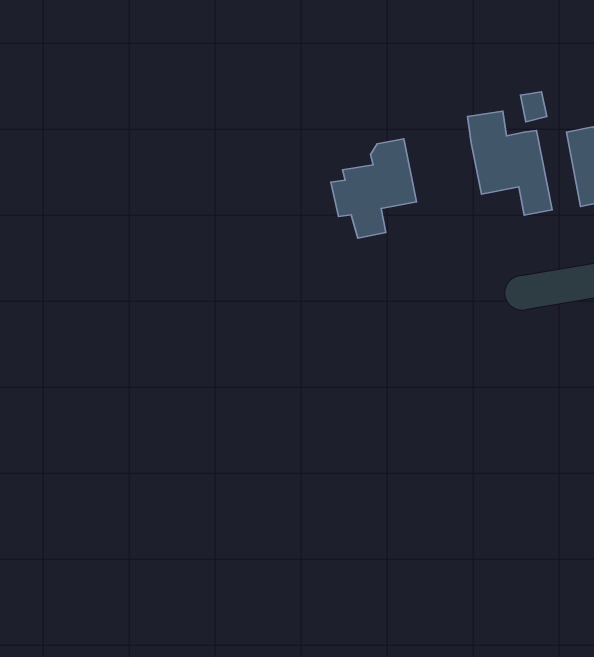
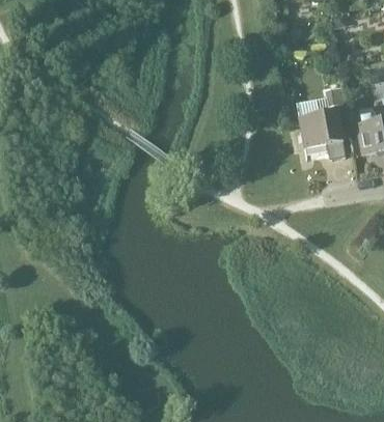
building: [331,139,416,238] -> none

